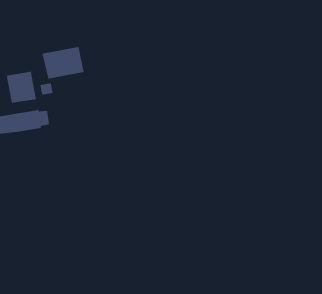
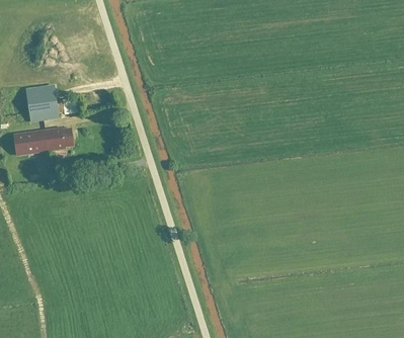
building: [41,46,85,79] -> none

